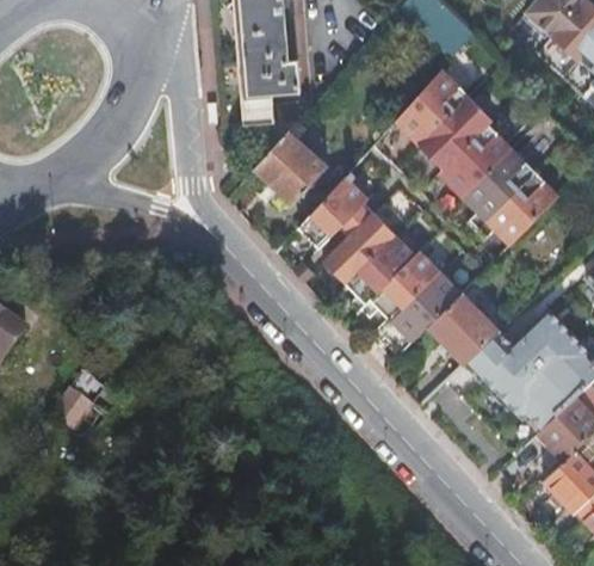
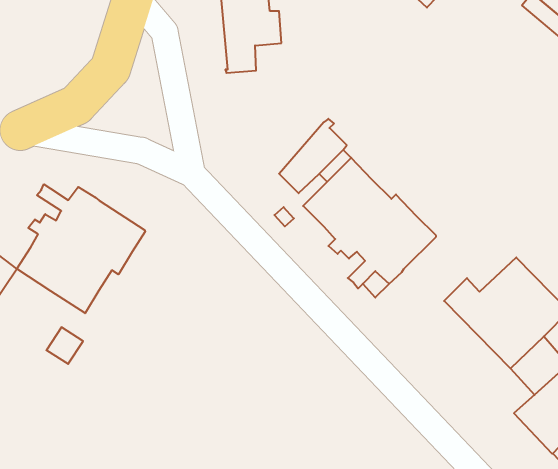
building: [394,68,559,246] -> none
building: [253,130,327,205] -> none
building: none -> [17,184,145,313]
building: [428,294,500,364] -> none

